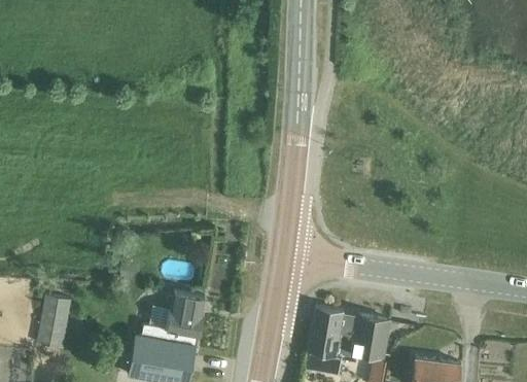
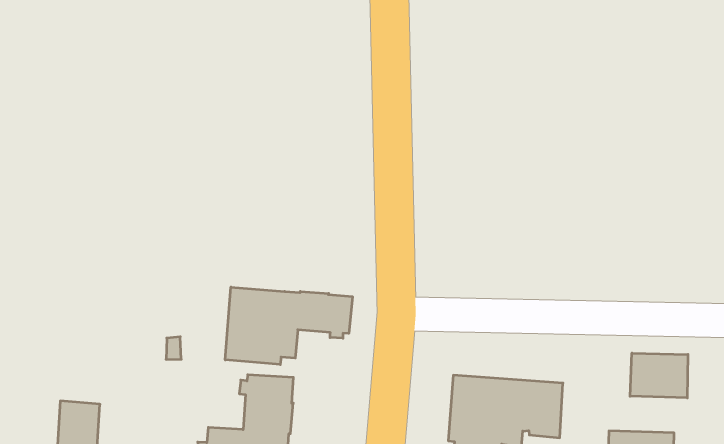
building: none -> [225,287,352,365]
building: none -> [630,353,688,398]

